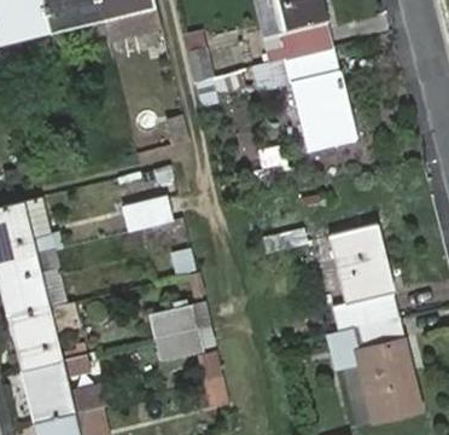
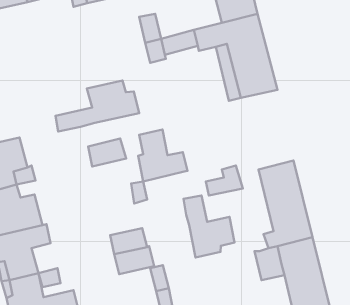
building: none -> [55,80,139,131]
building: none -> [138,130,187,181]
building: none -> [184,195,235,257]

